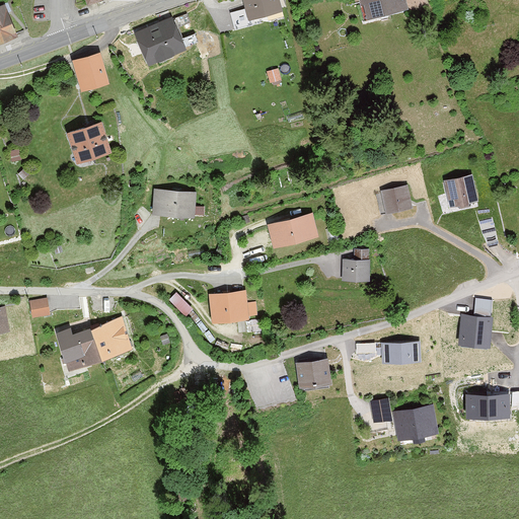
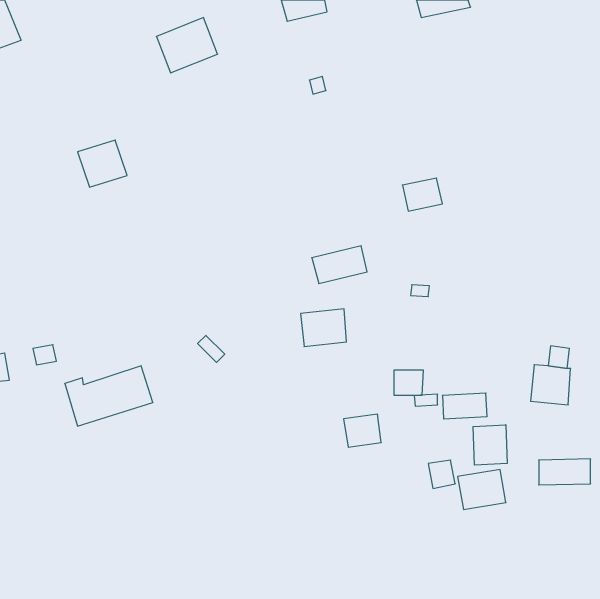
building: [71,54,107,91] -> none
building: [442,176,477,208] -> none
building: [378,186,413,214] -> [402,178,442,211]
building: [152,189,196,216] -> none
building: [343,261,368,282] -> [394,370,423,395]
building: [208,290,247,322] -> [301,309,346,347]
building: none -> [473,425,507,465]

